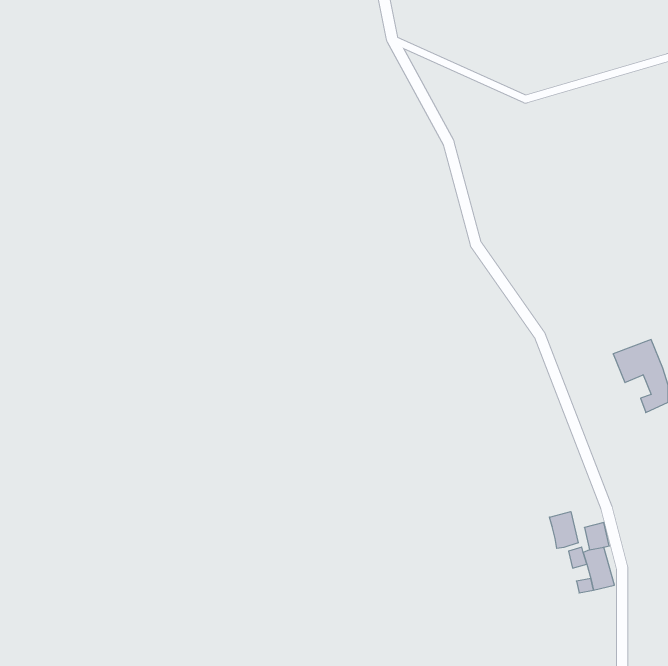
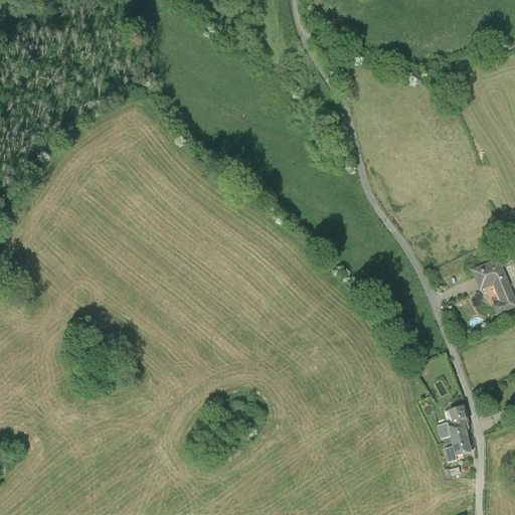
building: [549,512,578,548] -> none

